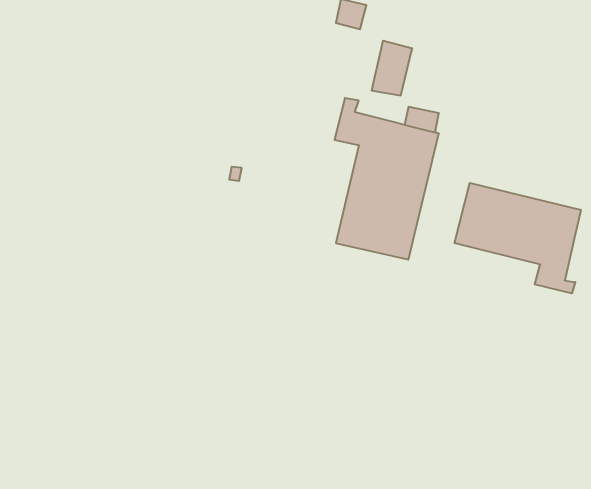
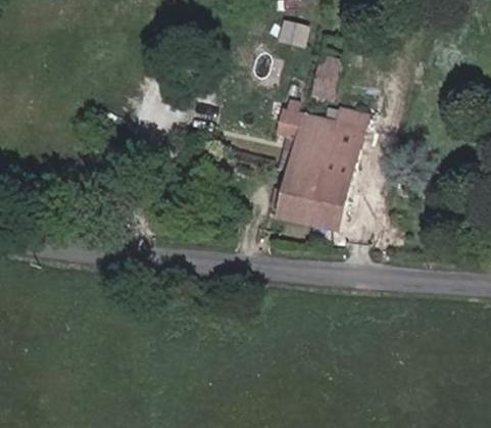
building: [454,183,581,293] -> none

